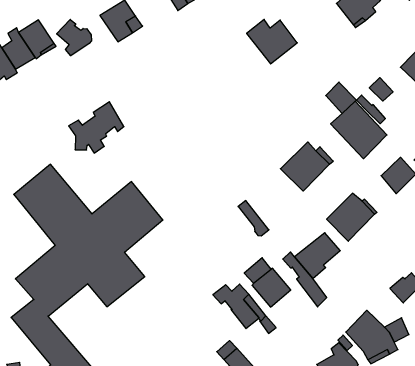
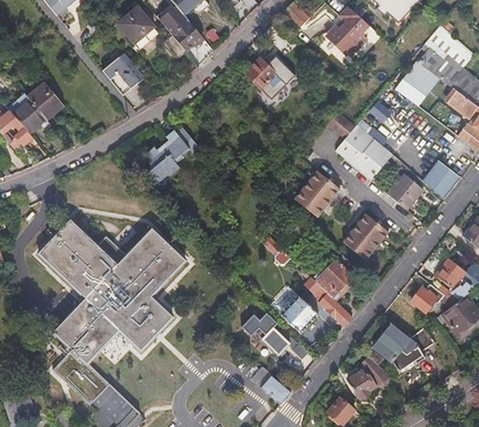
building: [57,19,91,56] -> none
building: [69,102,124,153] -> [143,123,196,174]

